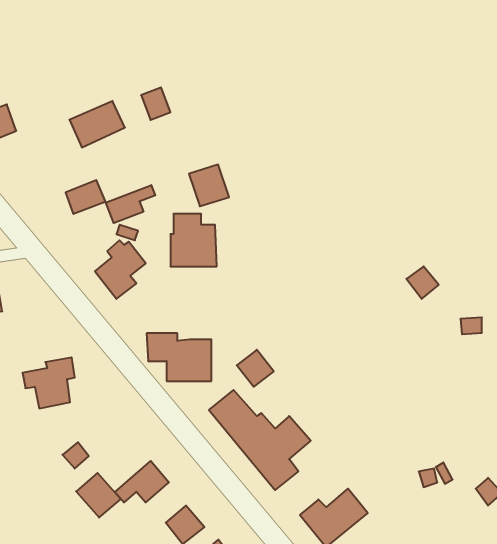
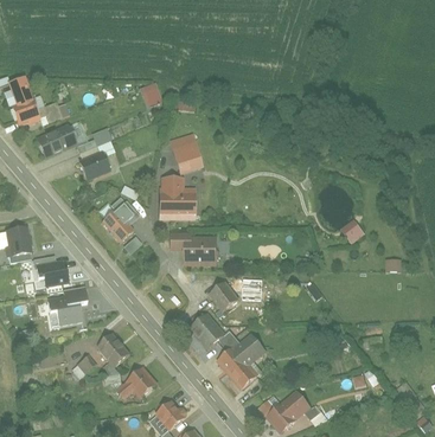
building: [69,101,125,147] -> [34,123,77,159]
building: [106,185,155,223] -> none
building: none -> [34,259,68,288]
building: [147,333,211,381] -> [167,230,217,266]
building: [76,473,121,518] -> [96,333,130,367]

